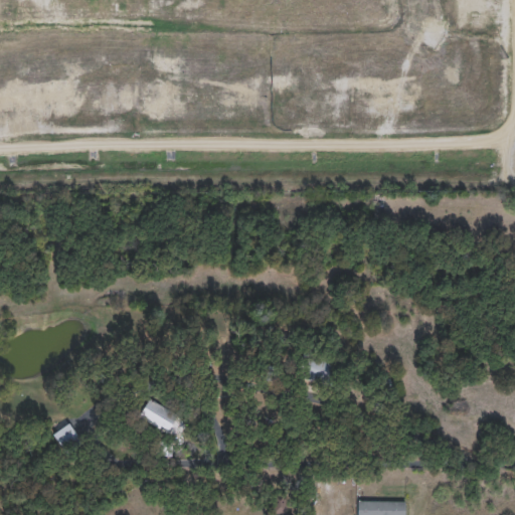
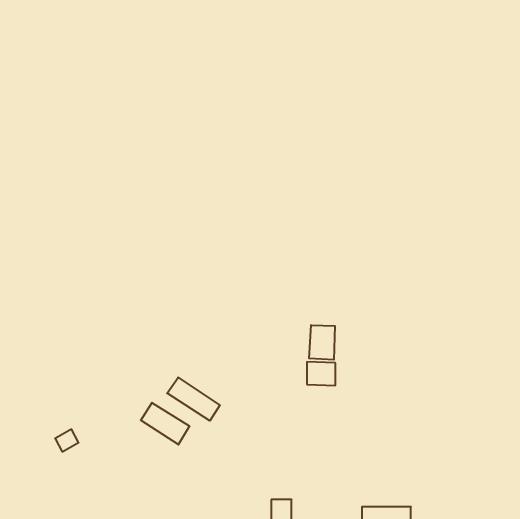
building: none -> [309,325,335,360]
building: none -> [167,377,220,421]

